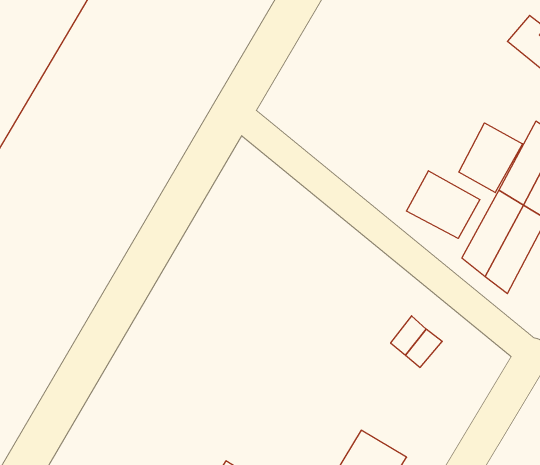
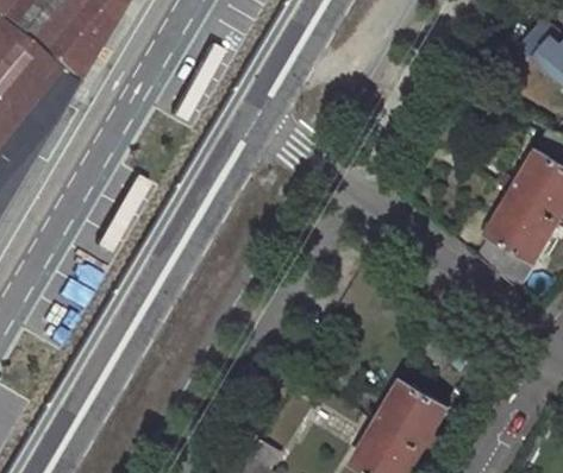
building: [459,123,523,193] -> none
building: [406,171,480,238] -> none
building: none -> [379,378,446,446]

